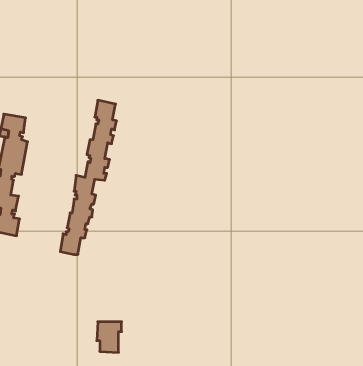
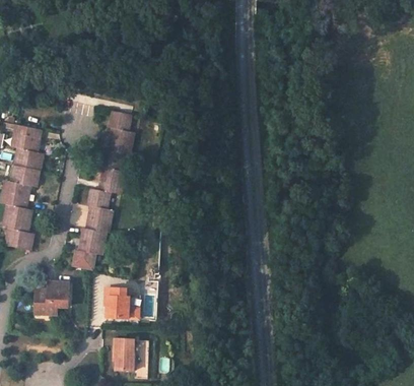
building: none -> [36,282,68,315]
building: none -> [105,288,130,320]

